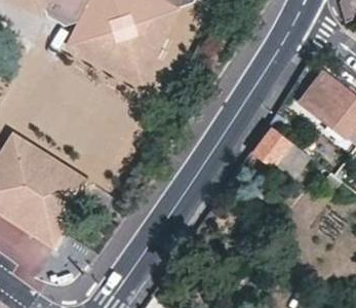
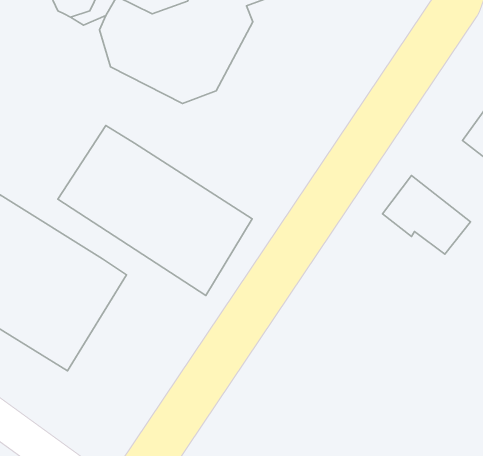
building: none -> [58,125,252,296]

